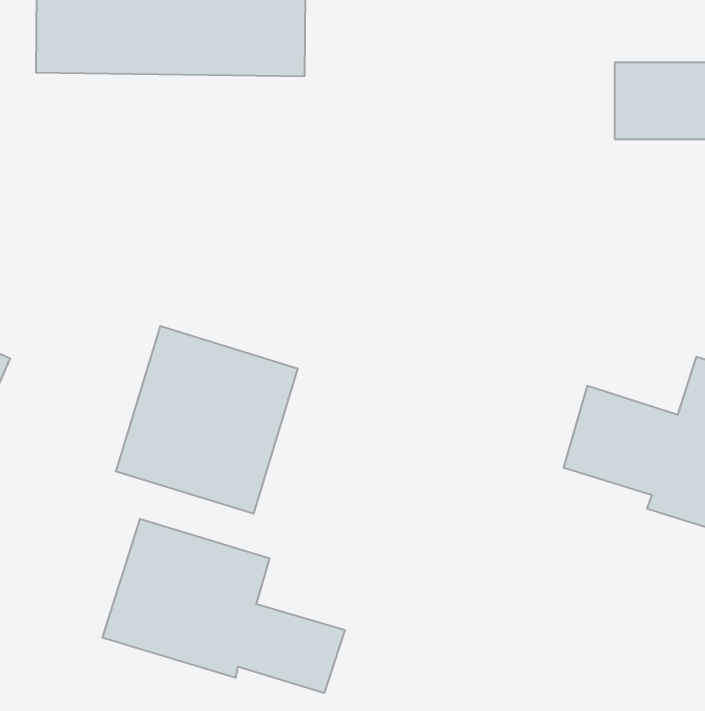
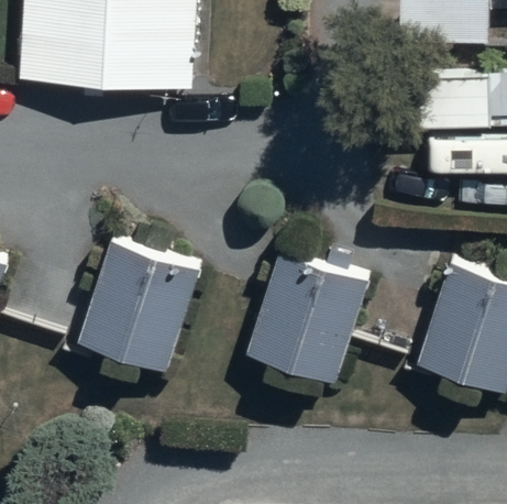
building: none -> [241,249,368,388]
building: [103,519,345,693] -> none

